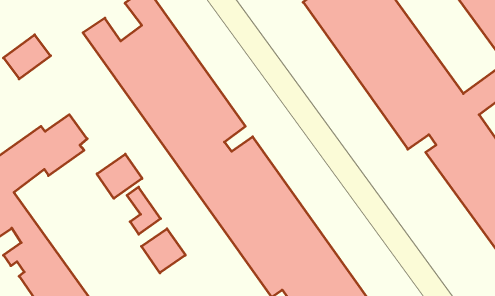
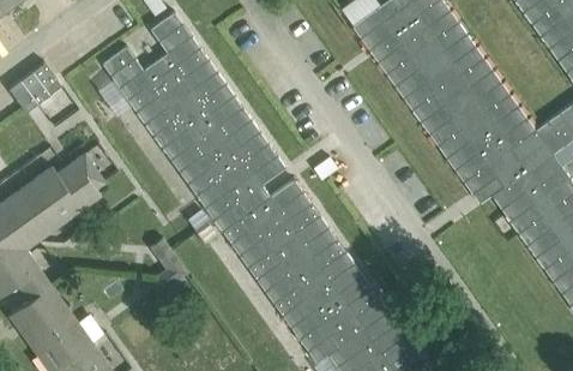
building: [97,154,142,198] -> none
building: [141,229,185,273] -> none

